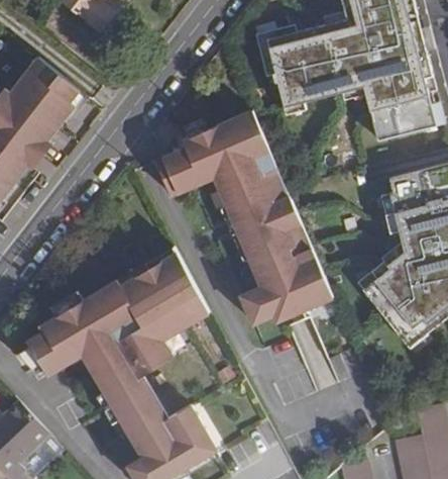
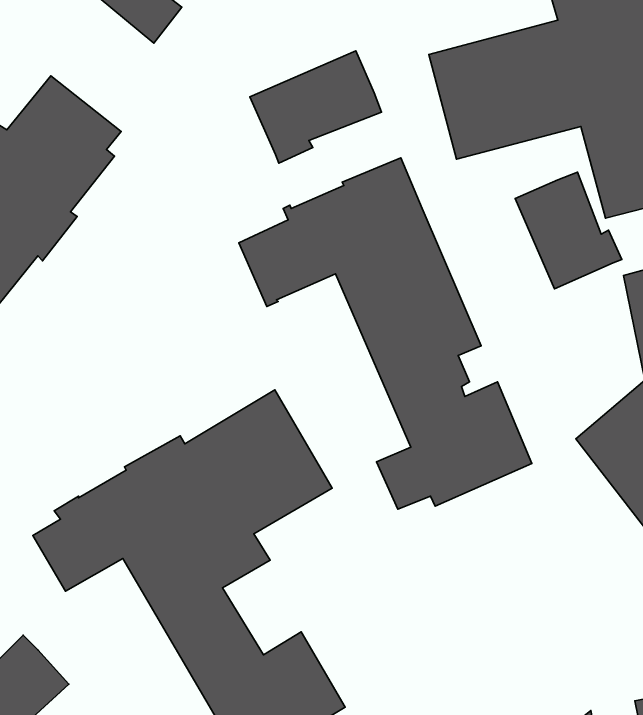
building: none -> [250,51,382,163]
building: none -> [515,172,622,289]

